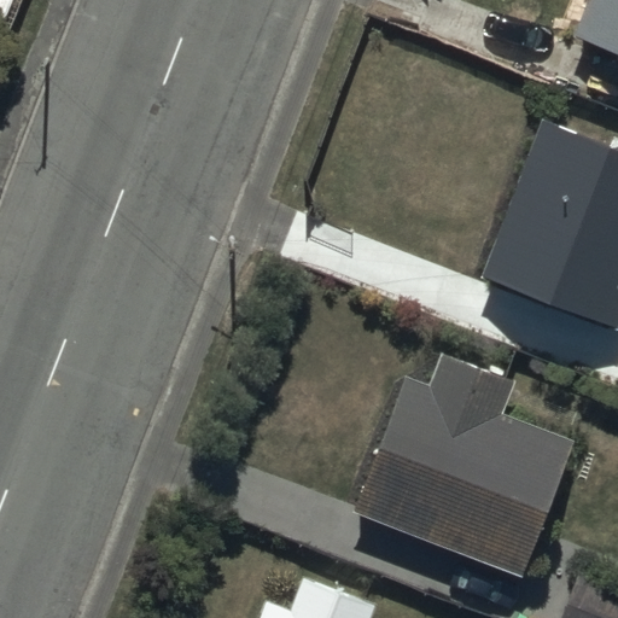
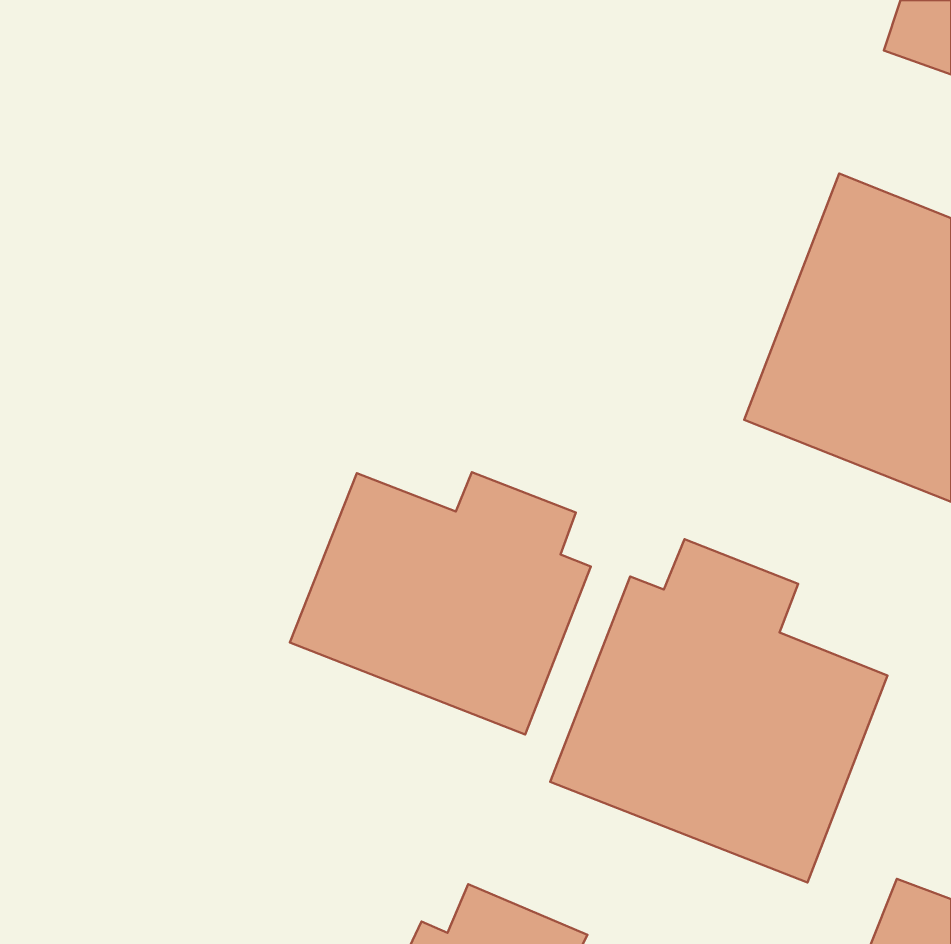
building: none -> [290,472,591,735]

